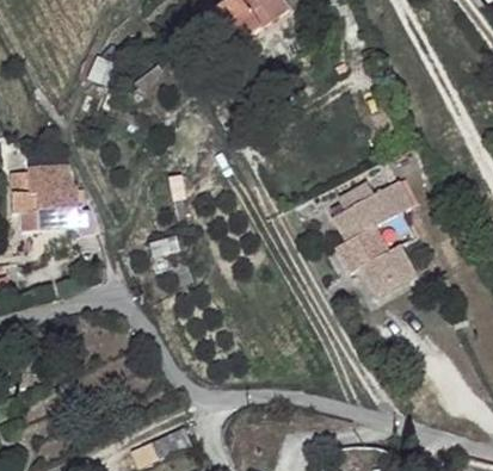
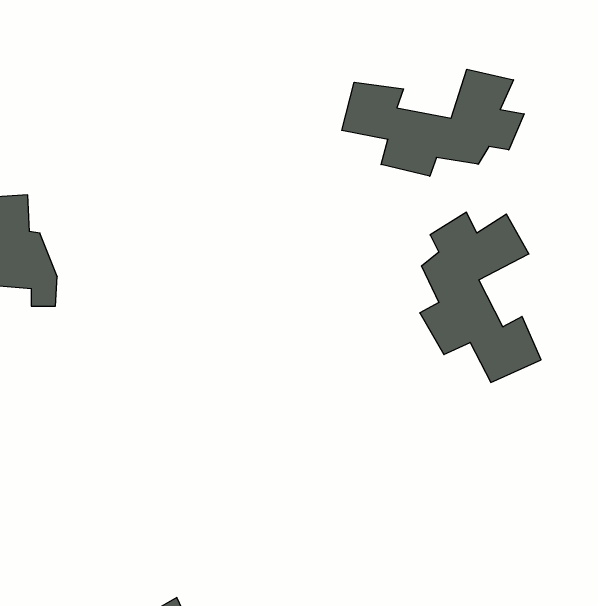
building: none -> [342,69,524,176]

